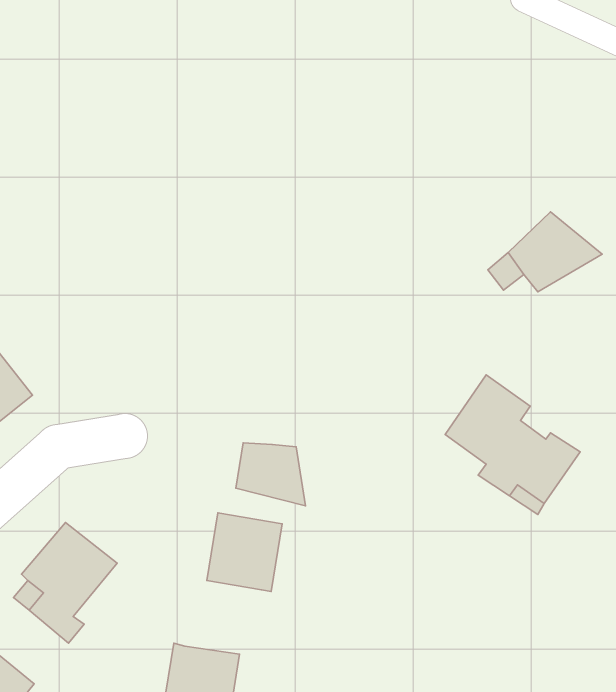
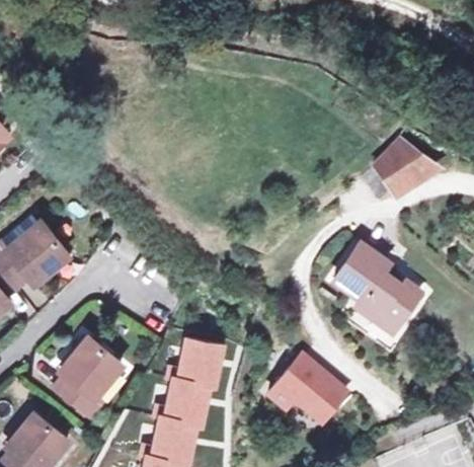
building: [236,443,306,506] -> none
building: none -> [268,355,346,421]
building: none -> [165,375,215,424]

